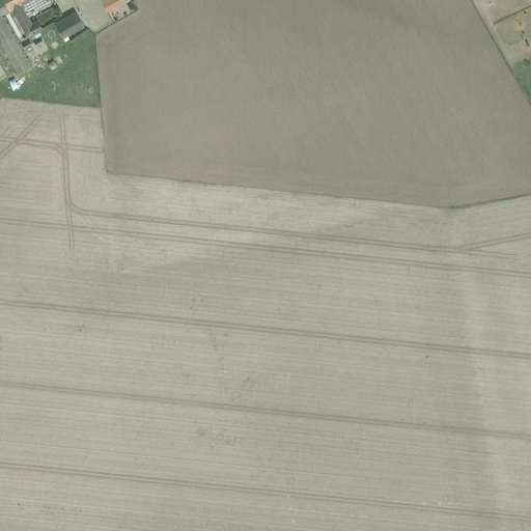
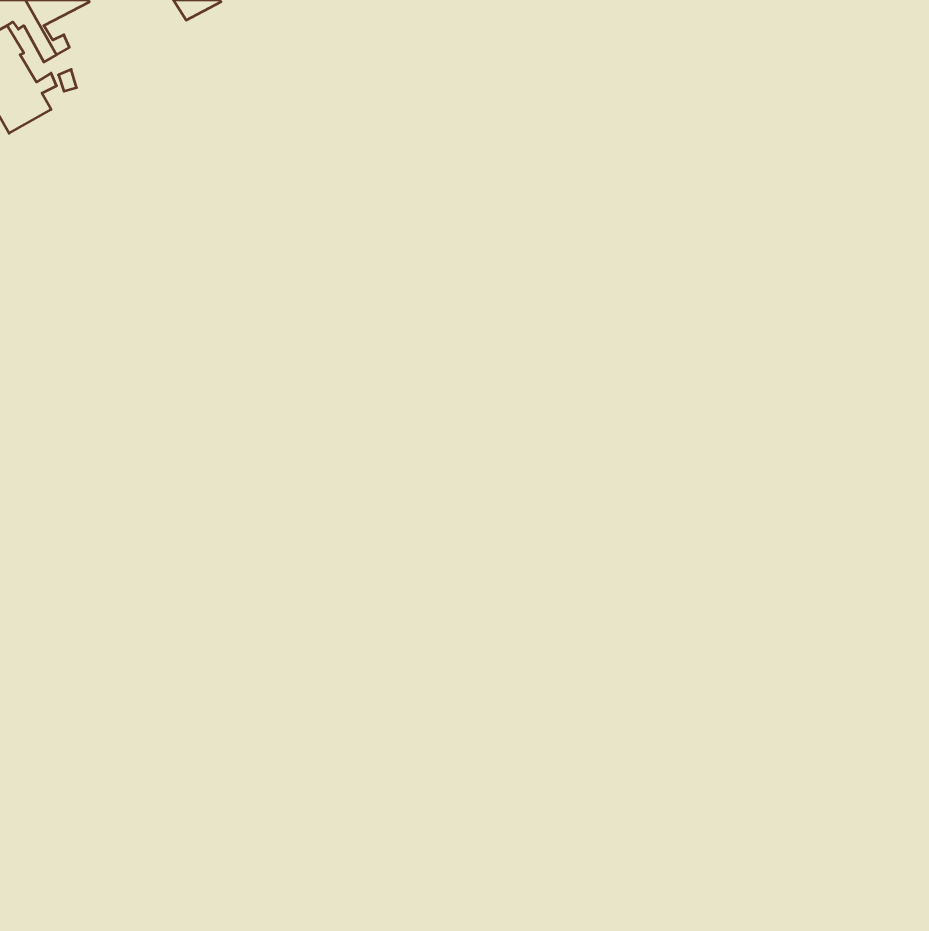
building: [53,12,82,38] -> none

